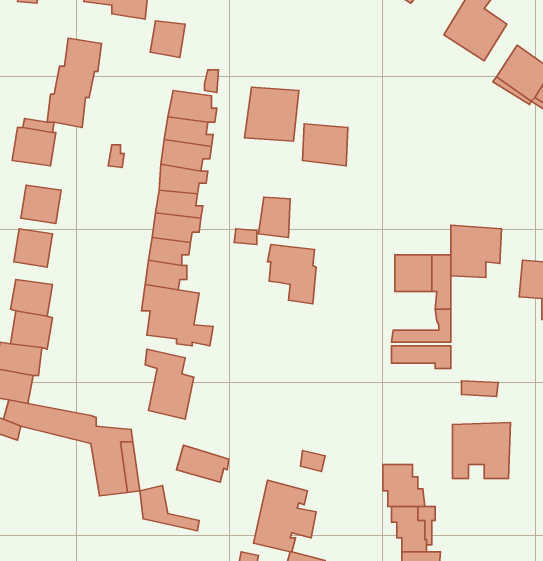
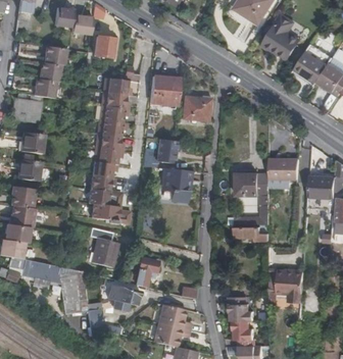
building: none -> [134,258,156,288]

